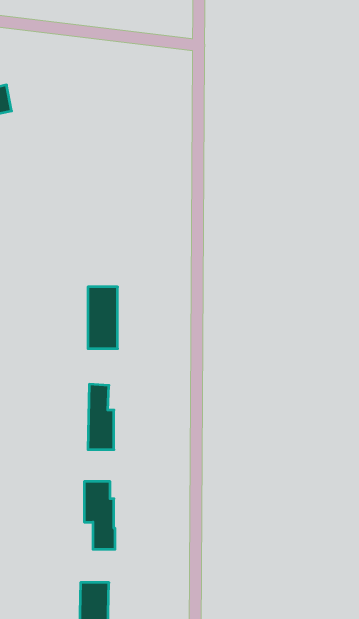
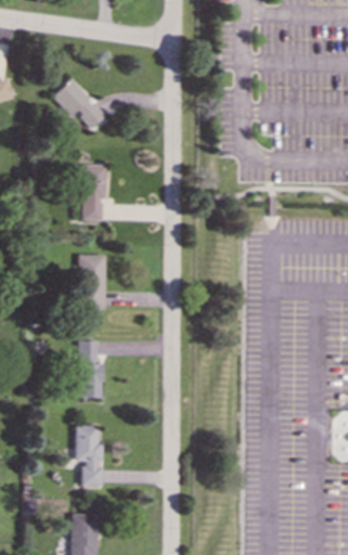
building: none -> [52,79,105,129]
building: none -> [81,164,106,221]

